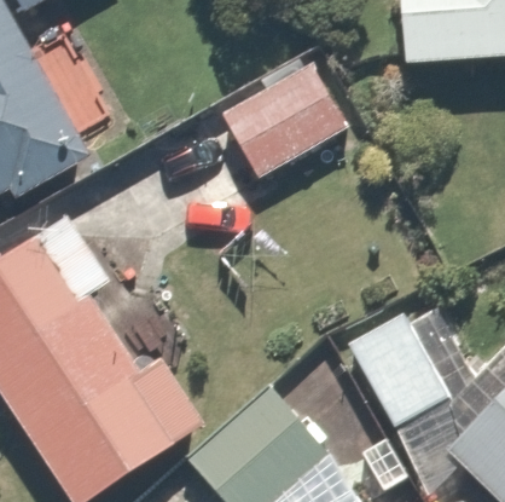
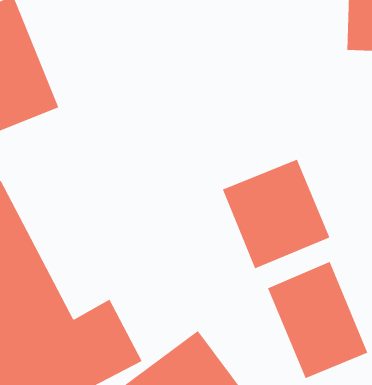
building: [216,56,347,174] -> none
building: none -> [222,159,330,269]

